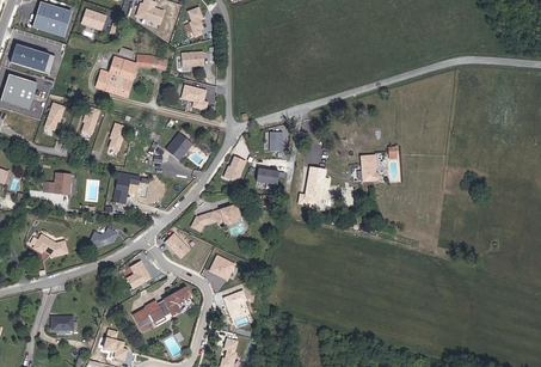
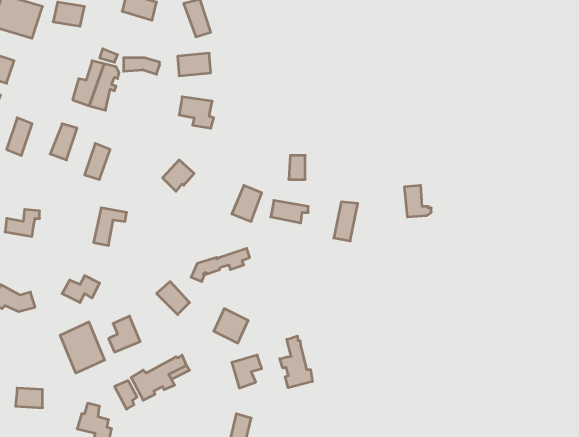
building: none -> [60,322,105,373]
building: none -> [280,336,312,388]

